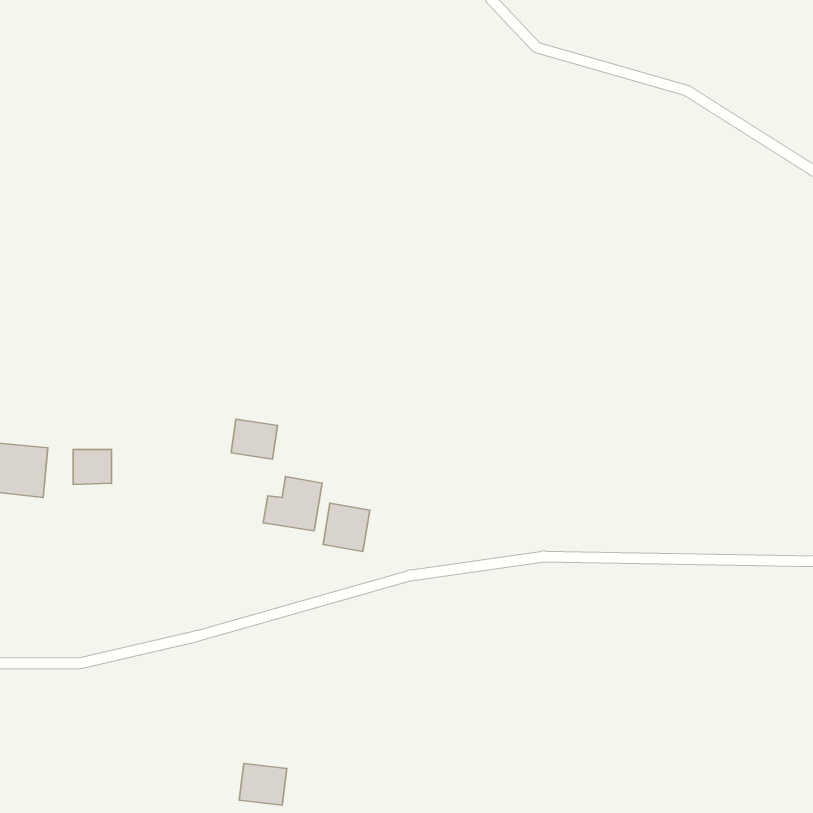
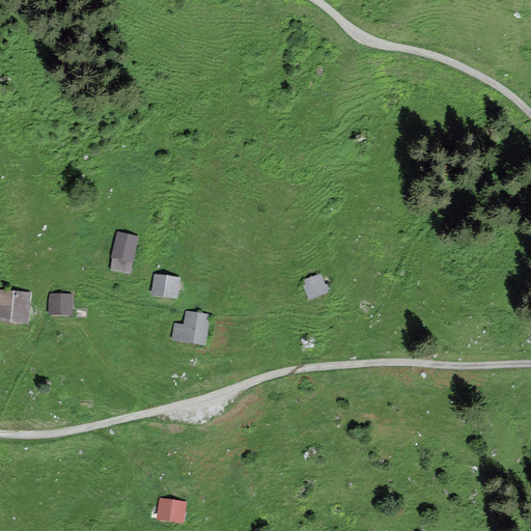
building: none -> [110,230,139,274]
building: none -> [300,272,330,300]
building: [323,503,370,551] -> none

